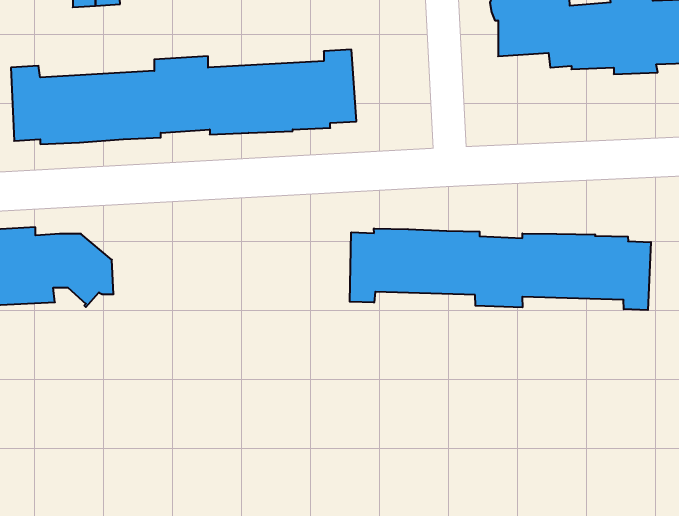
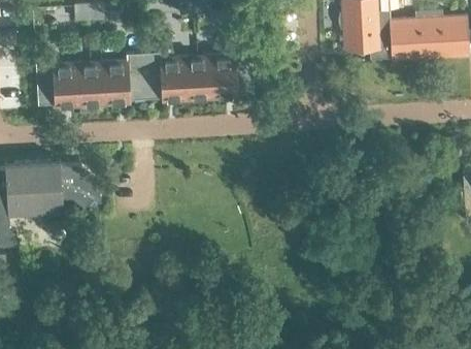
building: [350,228,651,310] -> none

